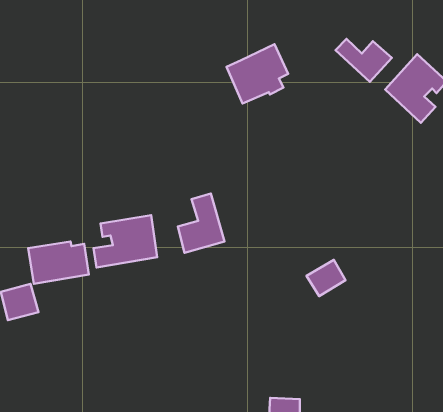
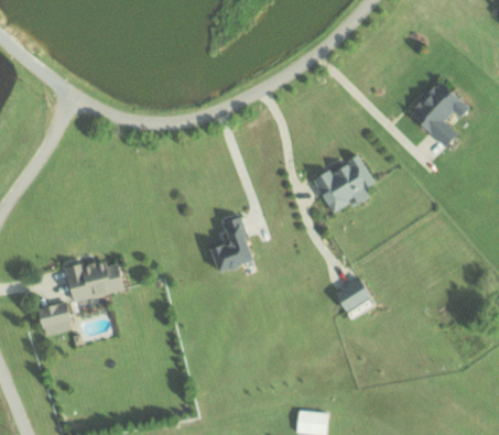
building: [335,39,392,82] -> none
building: [226,44,288,103] -> [315,155,375,213]
building: [93,215,157,267] -> none

